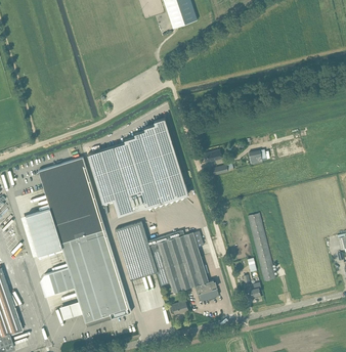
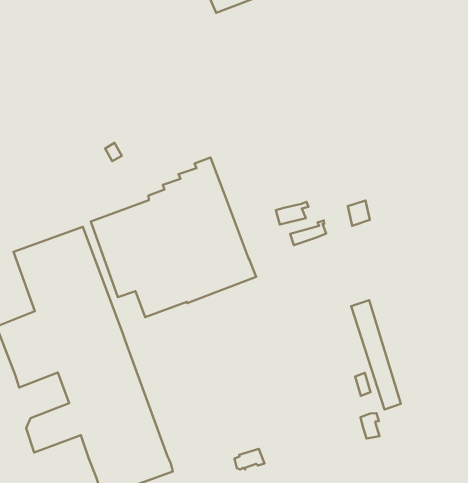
building: [114,220,218,301] -> none

